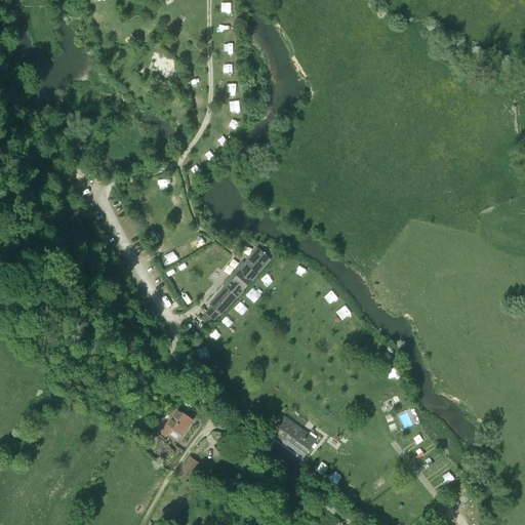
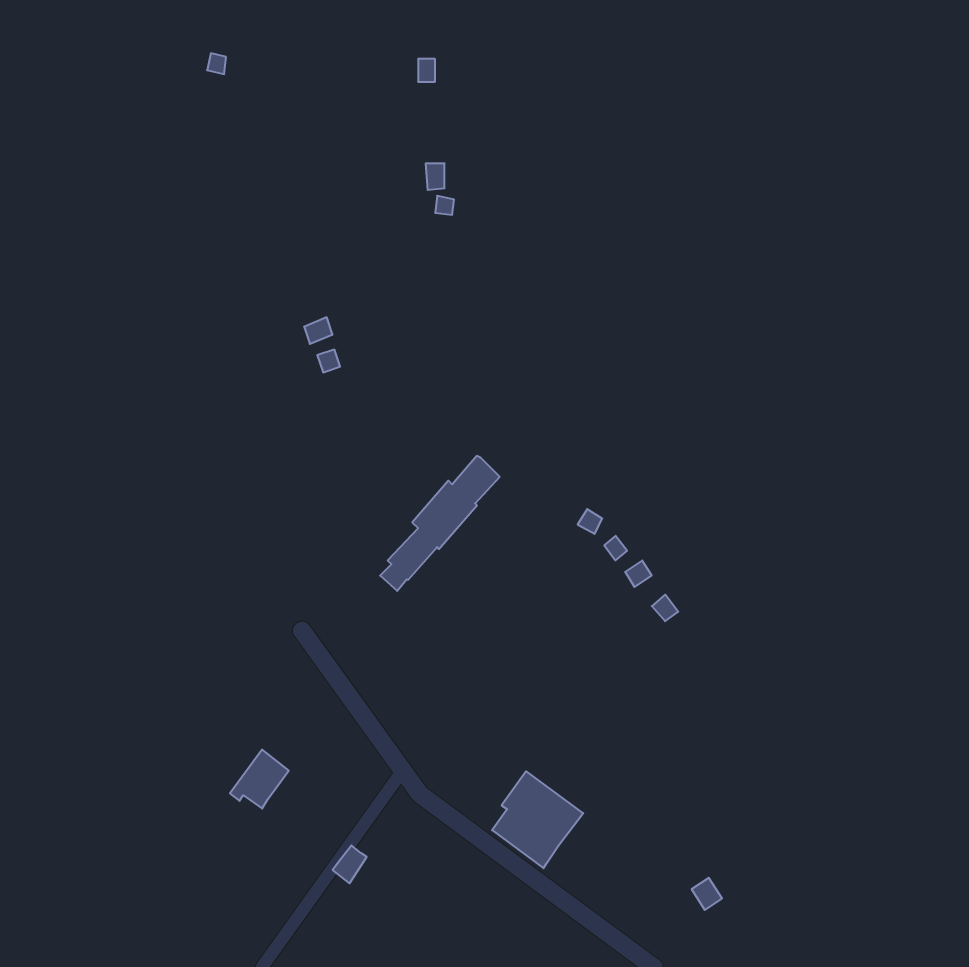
building: [161,407,193,439] -> [230,750,289,809]

